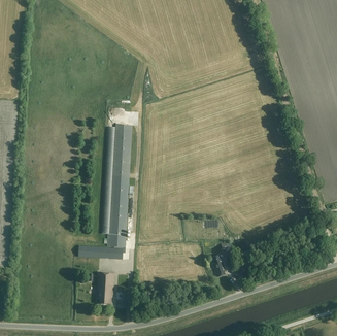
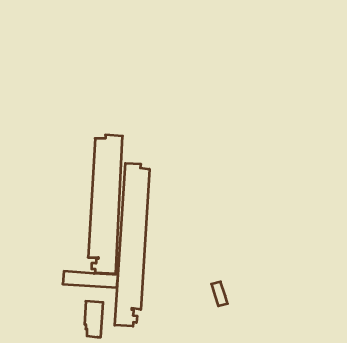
building: none -> [115,163,149,326]

